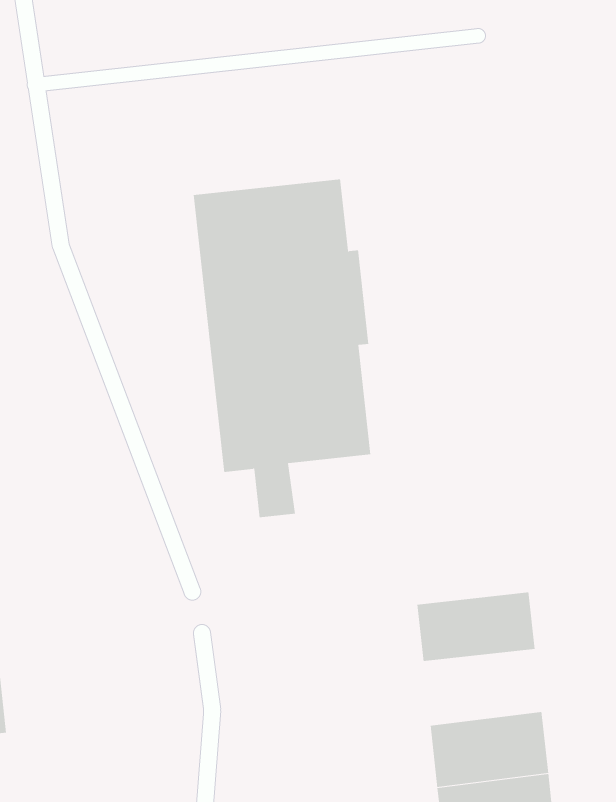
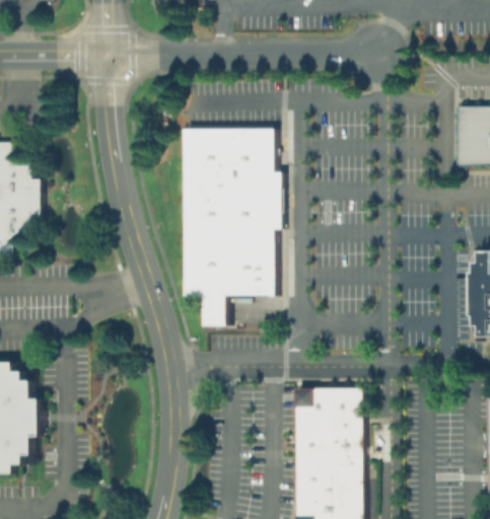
building: none -> [293,422,361,460]

